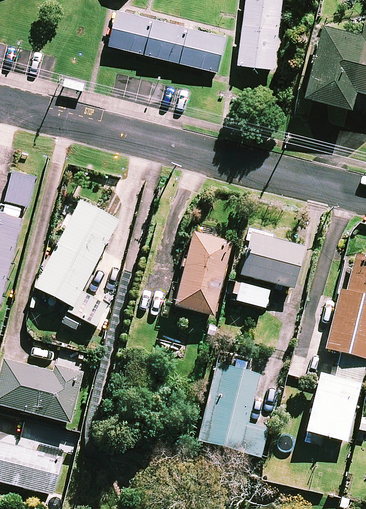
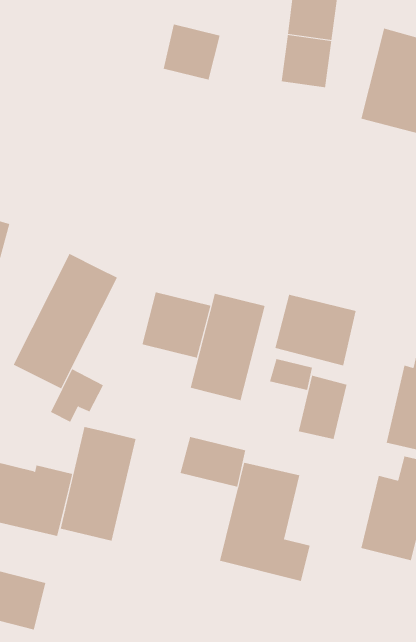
building: [115,12,160,56] -> none
building: [188,30,233,74] -> none
building: none -> [142,291,211,359]
building: none -> [298,375,347,440]
building: none -> [60,426,136,542]
building: none -> [180,436,246,488]

